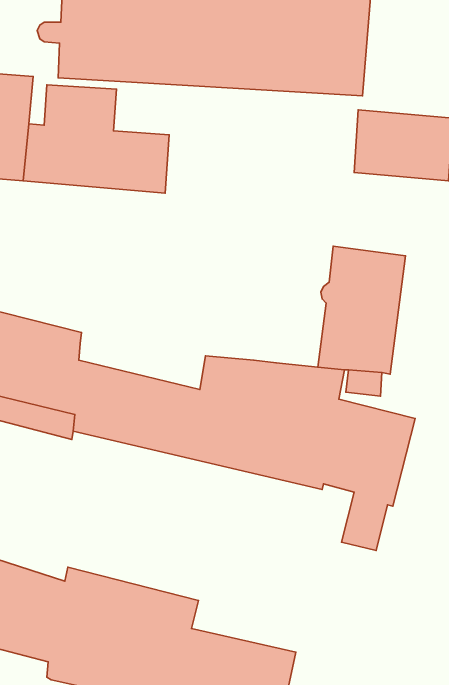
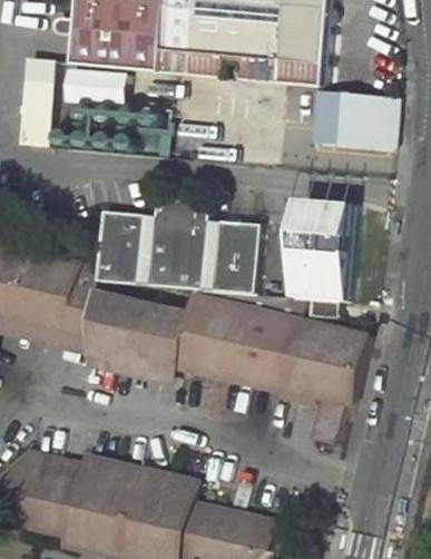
building: none -> [94,197,258,292]

